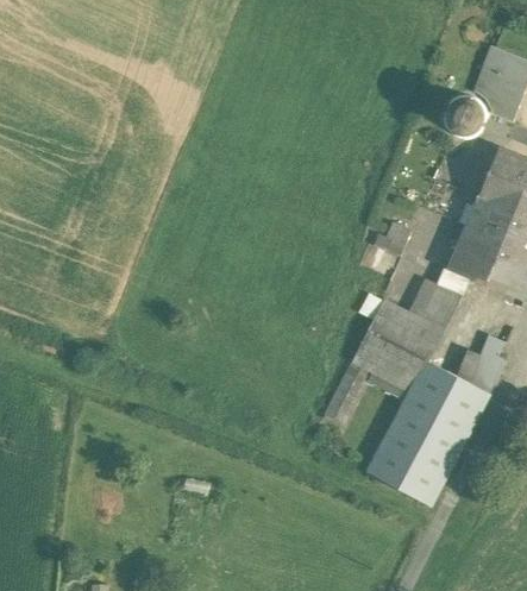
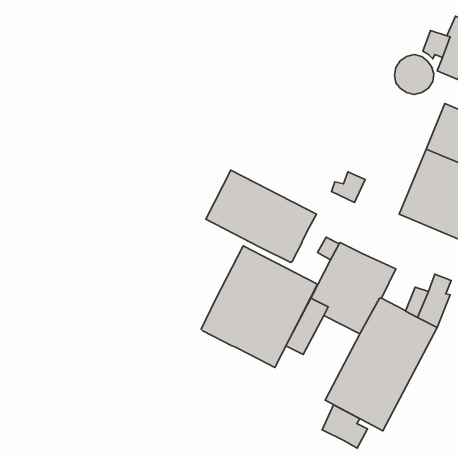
building: none -> [206,170,316,263]
building: [407,277,462,328] -> none
building: none -> [201,246,318,368]
building: none -> [322,405,368,448]

